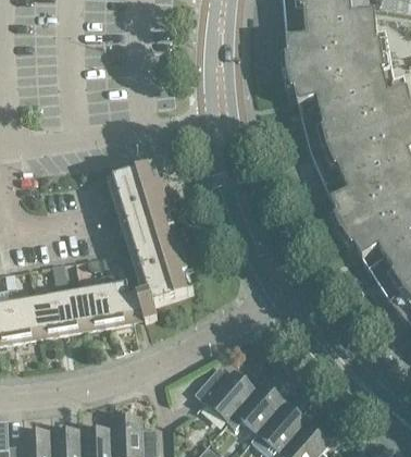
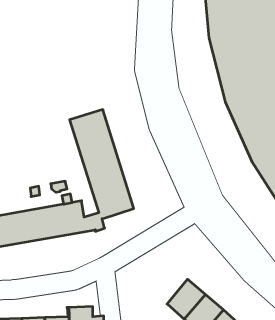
building: [195,365,256,420] -> none

